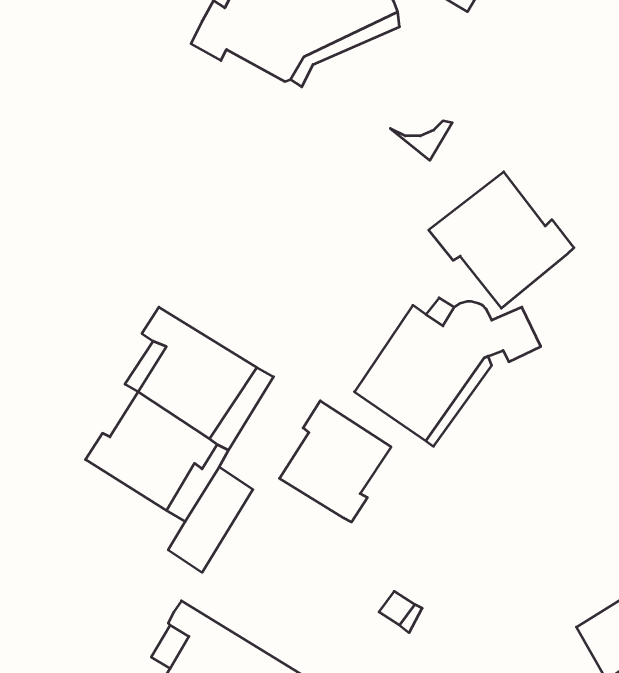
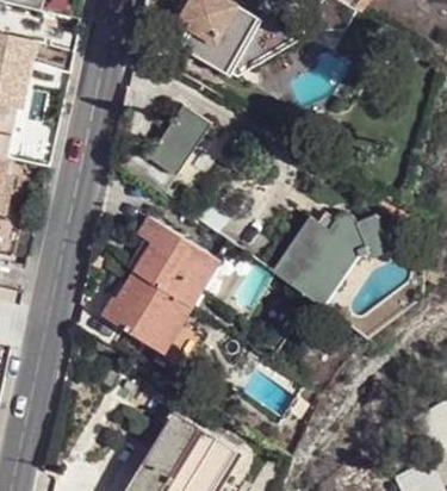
building: none -> [148,104,210,176]
building: [429,172,574,308] -> none
building: [279,401,391,522] -> none

